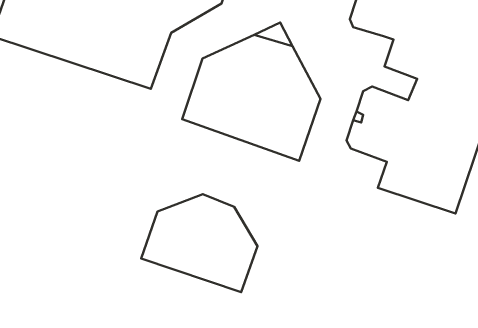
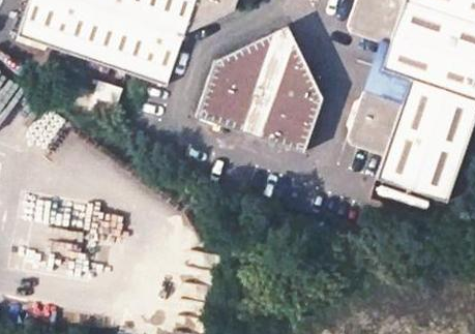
building: none -> [365,36,413,95]
building: [141,194,258,292] -> none

